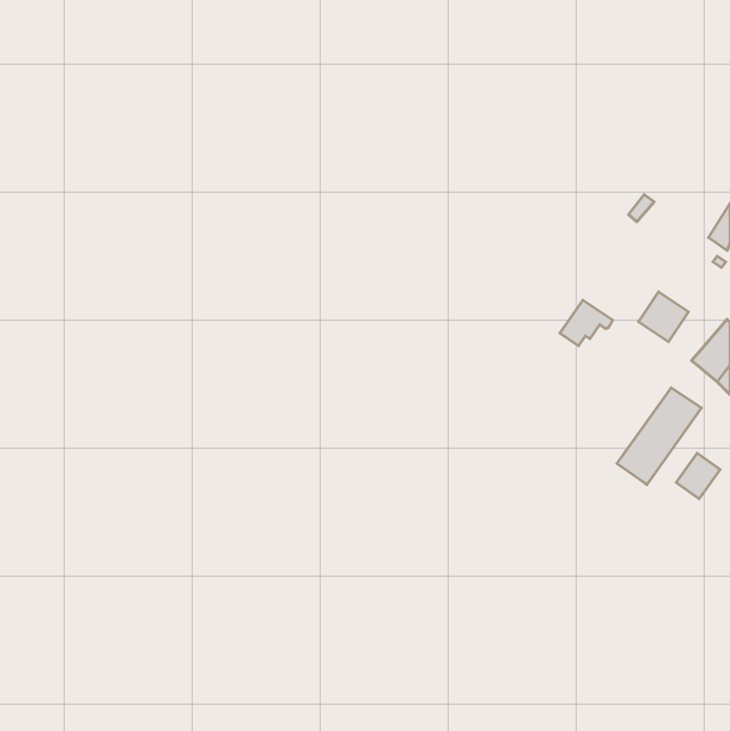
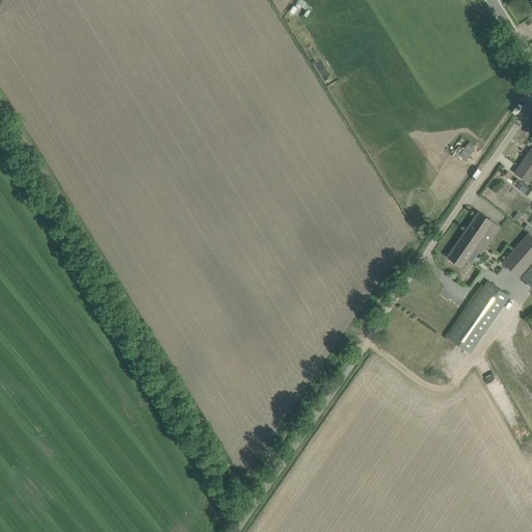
building: [560,300,613,346] -> [447,234,485,267]
building: [676,453,720,499] -> none

